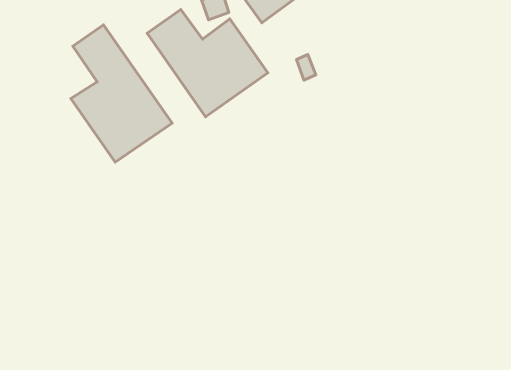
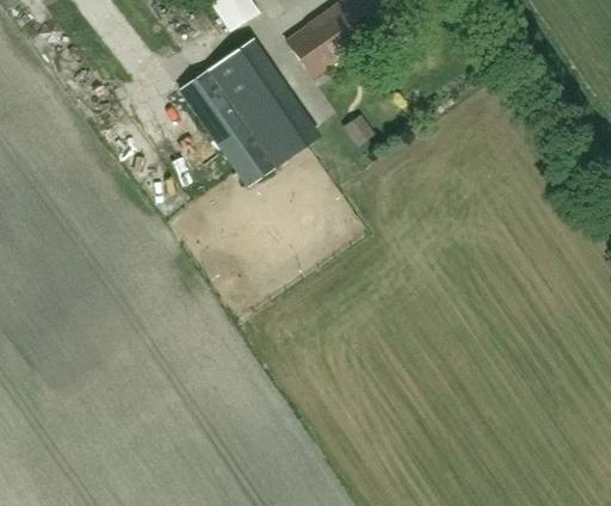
building: [71,25,172,162] -> none

